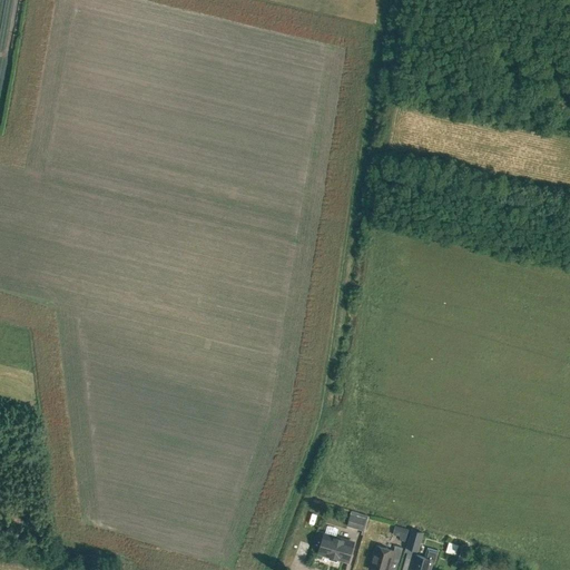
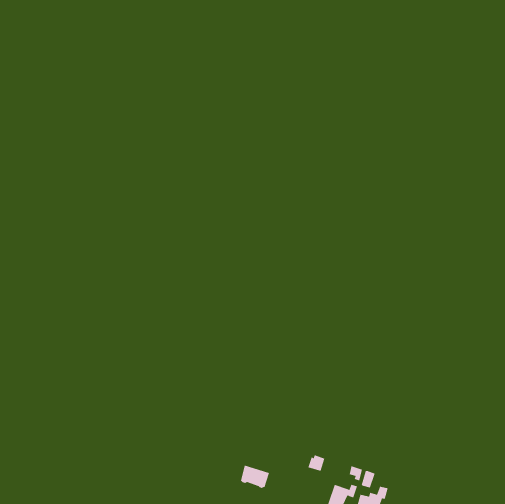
building: [320,535,353,562] -> [240,465,270,489]

